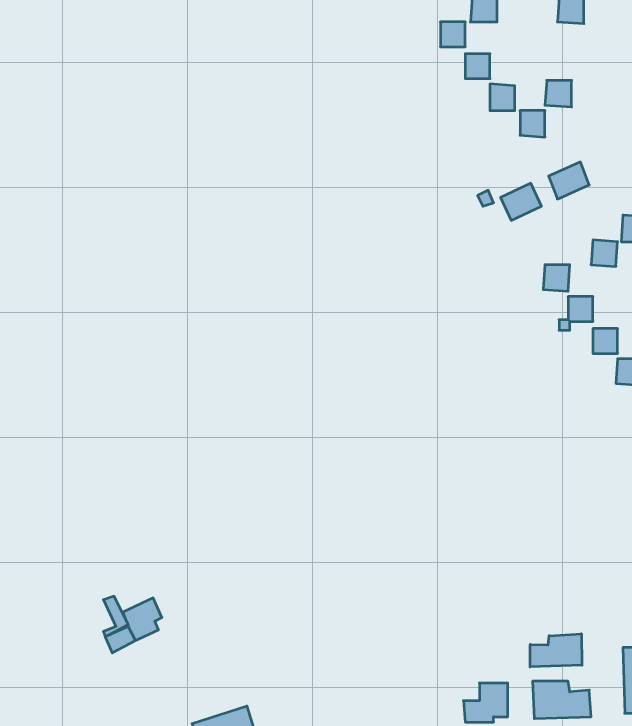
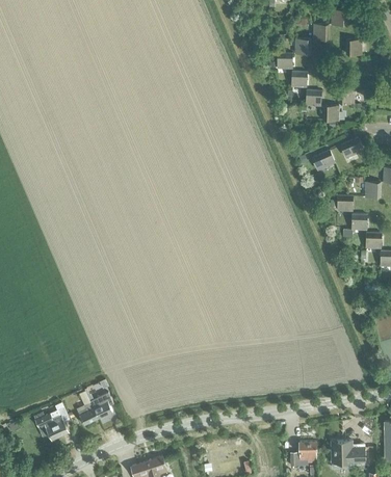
building: none -> [34,402,69,440]
building: [530,634,582,667] -> none

